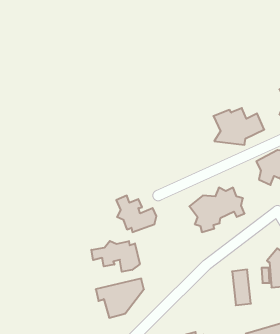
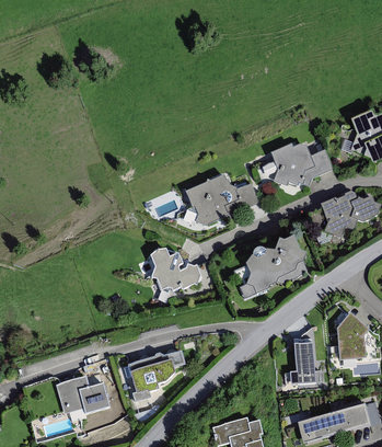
building: none -> [184,172,257,225]
building: [91,241,140,272] -> none
building: none -> [53,374,106,413]

